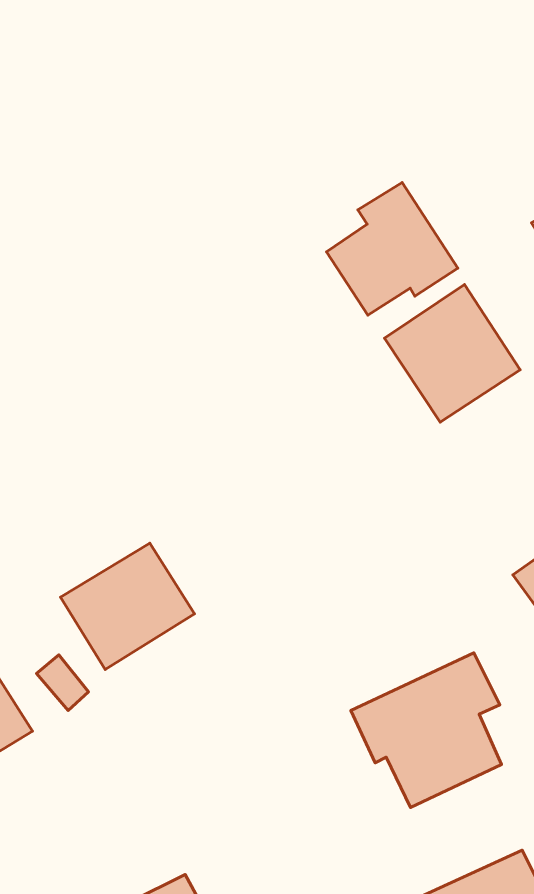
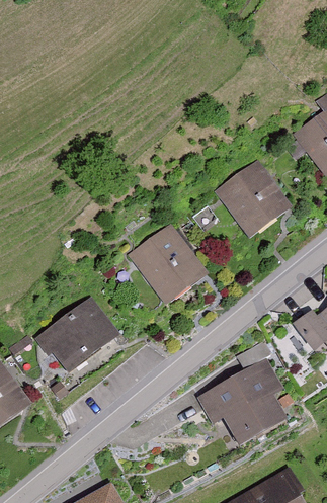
building: [326,182,458,315] -> none
building: none -> [130,226,202,302]

